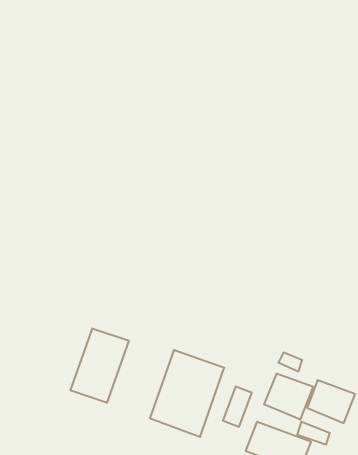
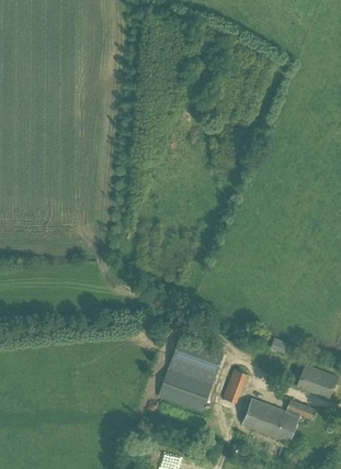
building: [71,328,129,403] -> none
building: [264,373,313,420] -> none

